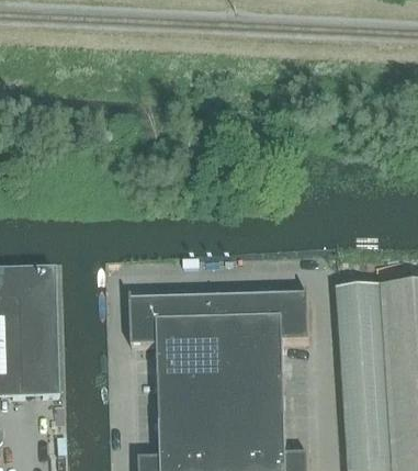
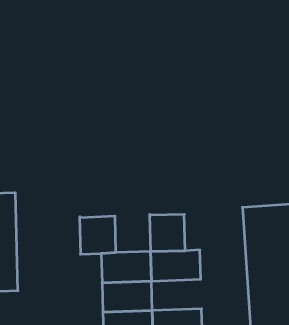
building: [263,291,309,339] -> none
building: [176,294,221,341] -> none
building: [222,375,285,415] -> none

